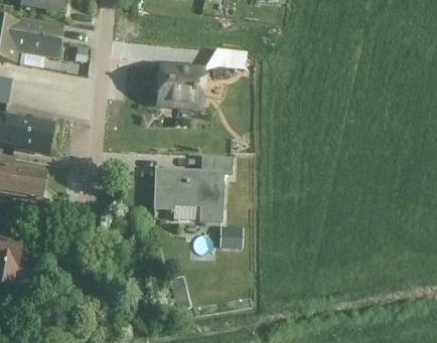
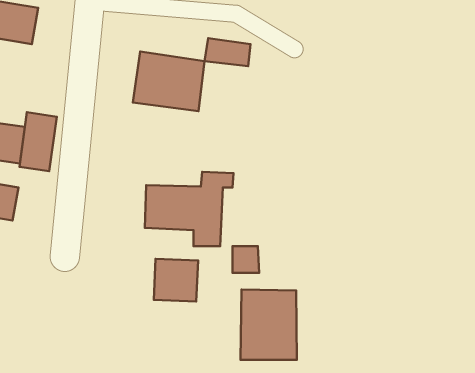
building: none -> [19,112,57,171]
building: none -> [154,259,198,301]
building: none -> [241,289,297,360]

